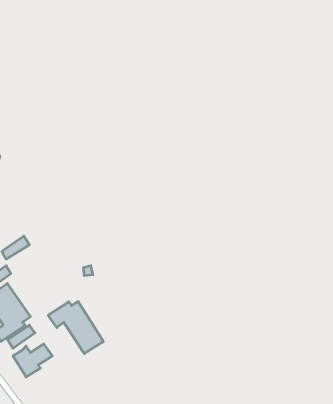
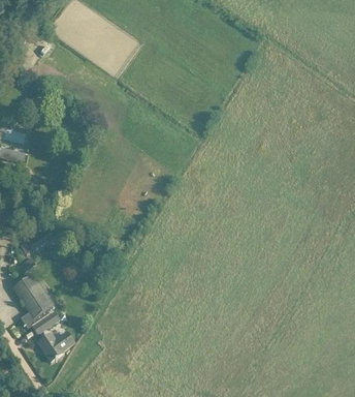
building: [48,301,103,354] -> none

